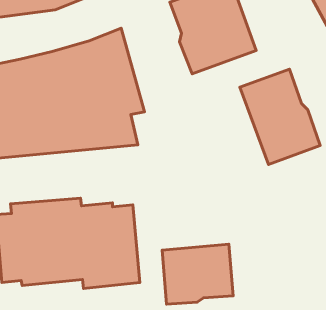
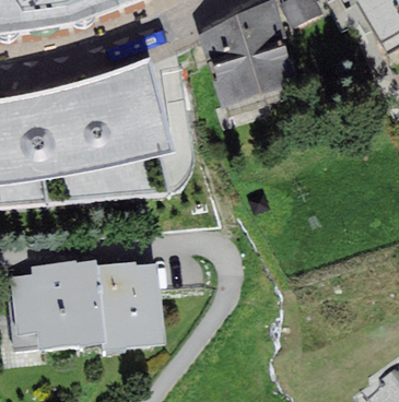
building: [240,69,320,164] -> none
building: [162,244,233,304] -> none

